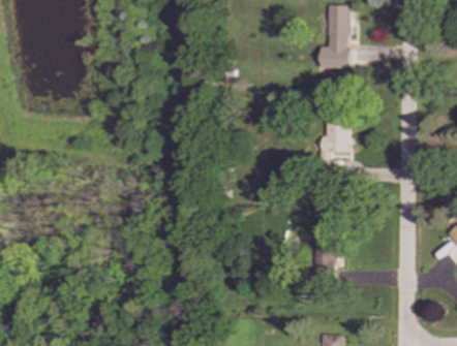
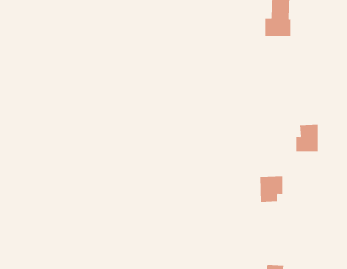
building: [322,120,348,152] -> [296,124,319,152]

